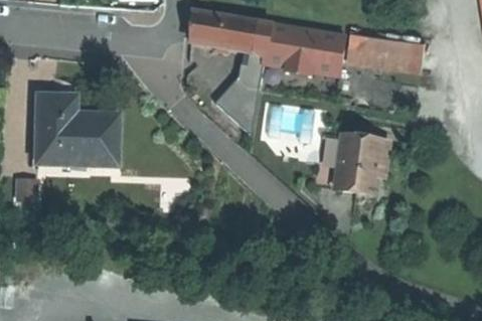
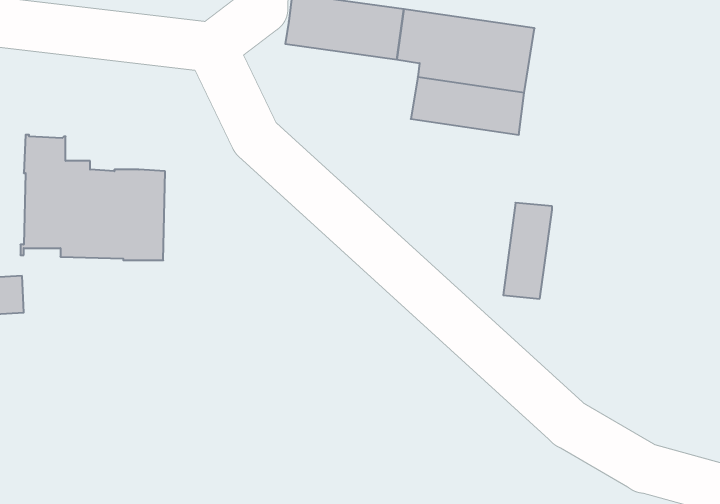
building: [342,32,425,71] -> none
building: [336,138,382,194] -> none

